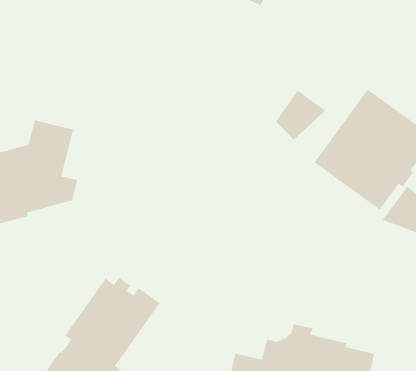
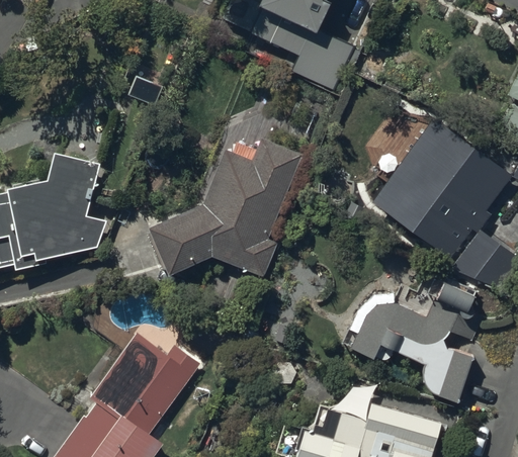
building: [275,89,326,140] -> none
building: none -> [148,136,301,278]
building: none -> [341,278,481,404]

